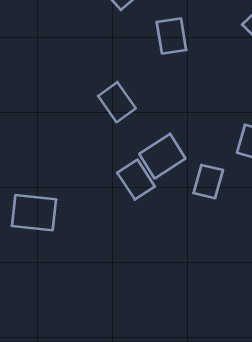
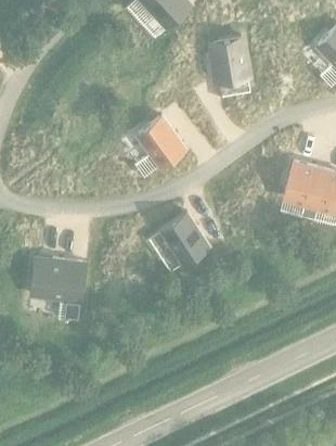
building: [139,134,185,178] -> none
building: [193,165,223,198] -> [284,164,321,205]

